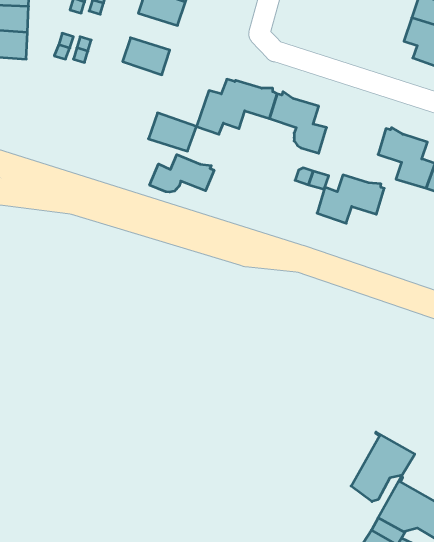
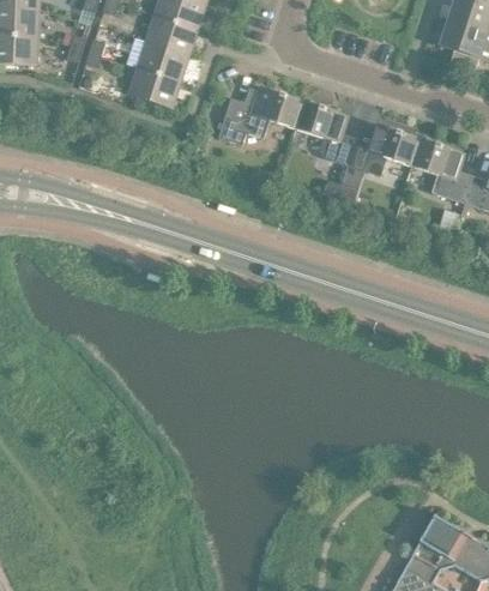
building: none -> [146,16,197,55]
building: [148,113,197,151] -> [128,67,180,108]
building: [150,155,214,192] -> none
building: [317,175,384,223] -> [348,125,419,176]
building: [351,432,415,502] -> none

